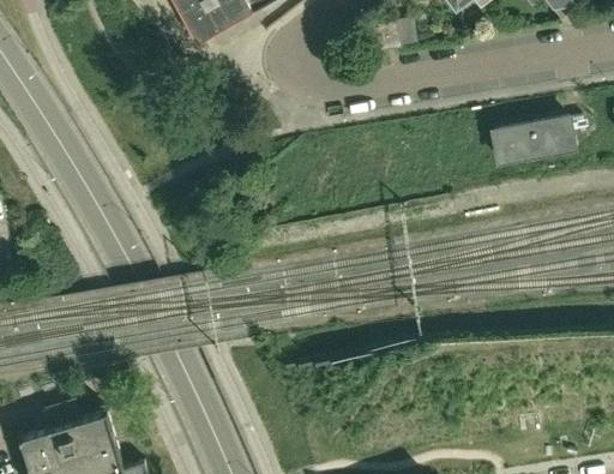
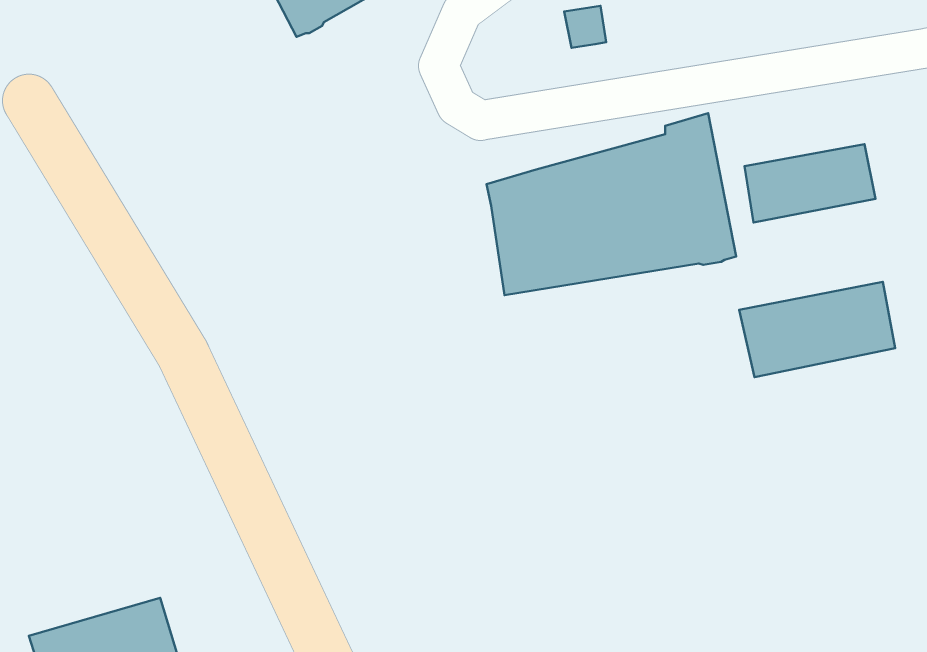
building: none -> [487,113,736,295]
building: none -> [739,282,895,377]

